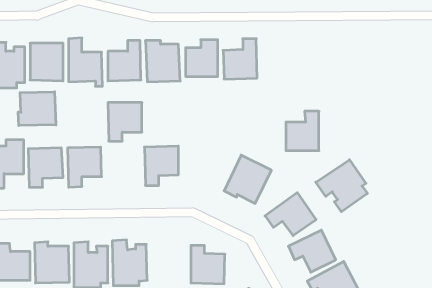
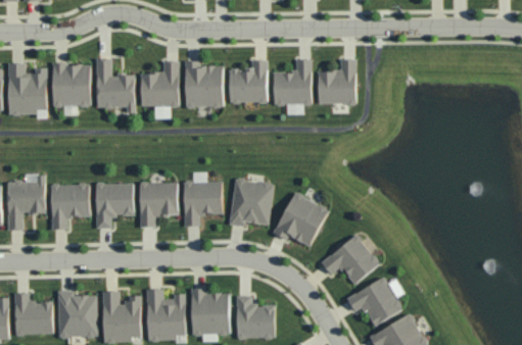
building: [18,92,56,126] -> none
building: [108,103,142,141] -> [139,183,178,227]
building: [286,111,319,151] -> [318,59,355,104]
building: none -> [229,179,274,227]
building: [316,160,367,212] -> none
building: none -> [191,289,230,335]

